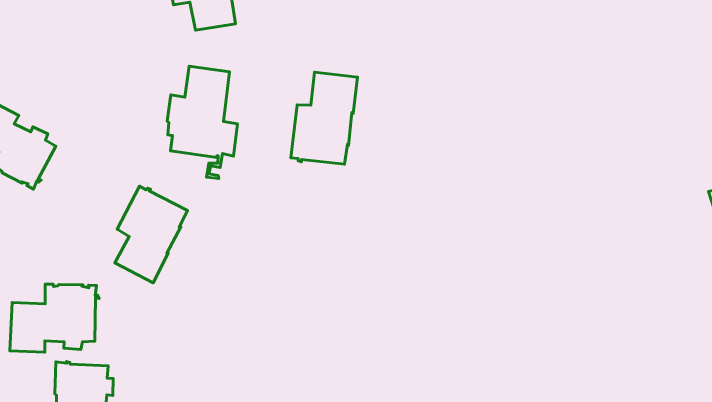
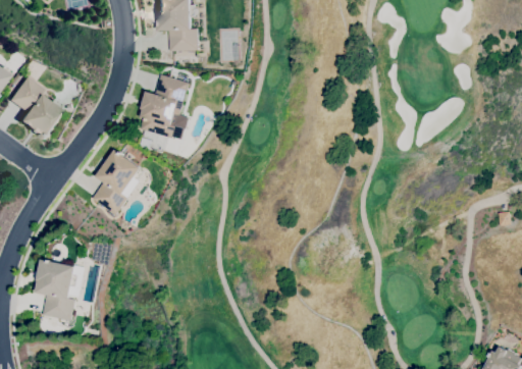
building: [291,72,358,164] -> none
building: [10,284,99,352] -> none

